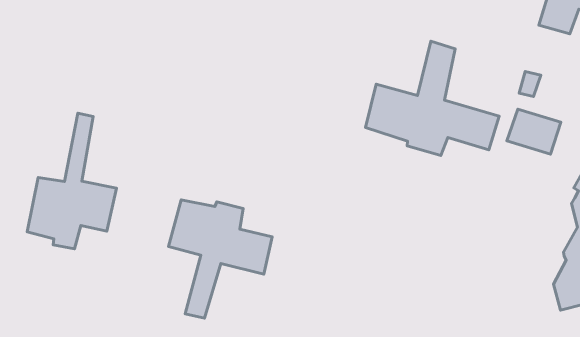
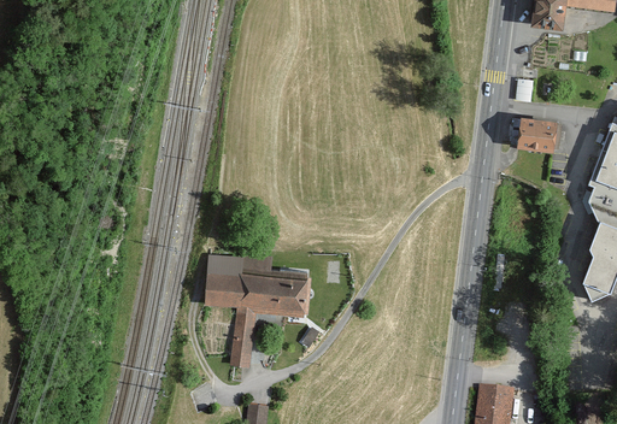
building: [365,41,499,155] -> none
building: [27,113,116,249] -> none

